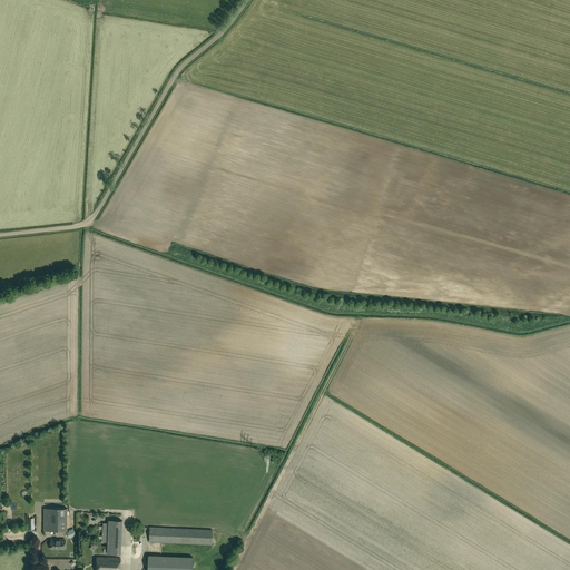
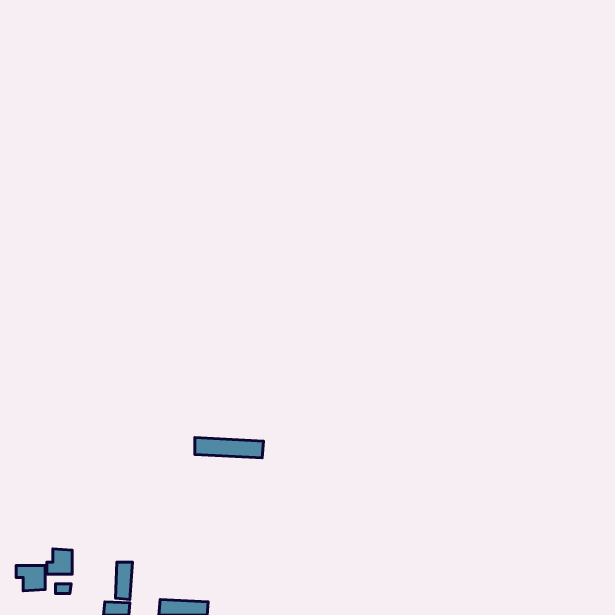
building: none -> [16,565,45,591]
building: [149,527,213,546] -> [195,438,263,458]

